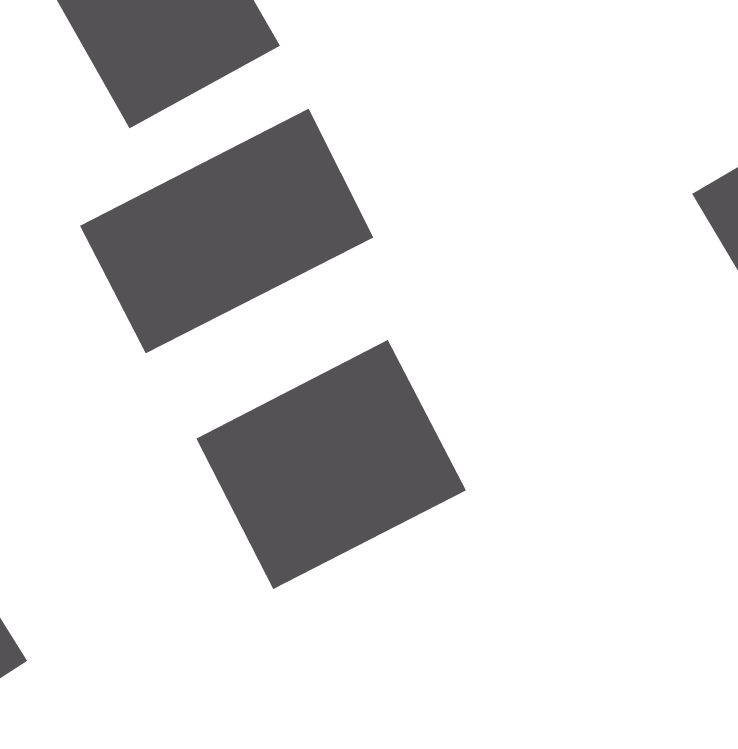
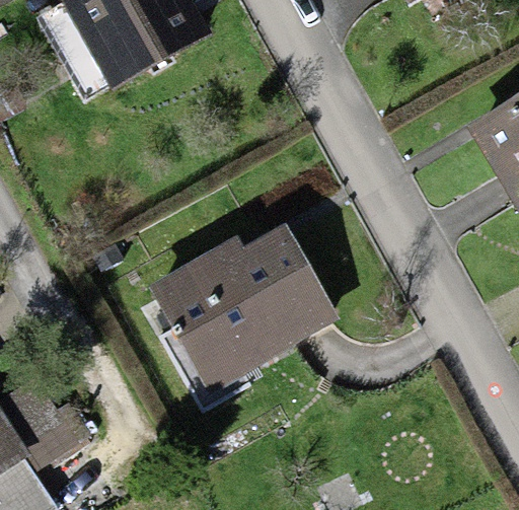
building: [79,108,374,354] -> none

